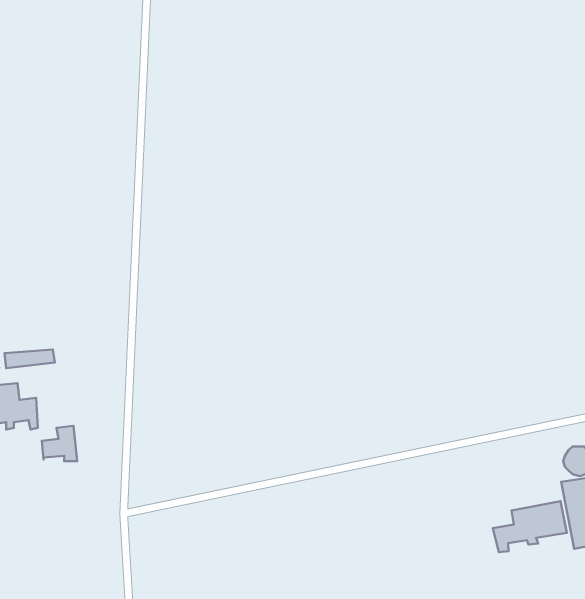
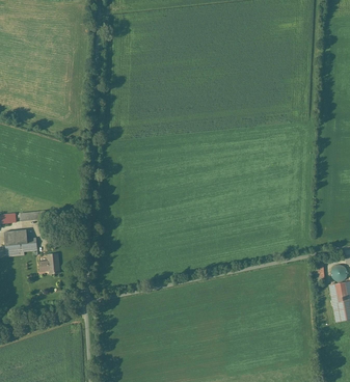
building: [493,501,567,552] -> none

